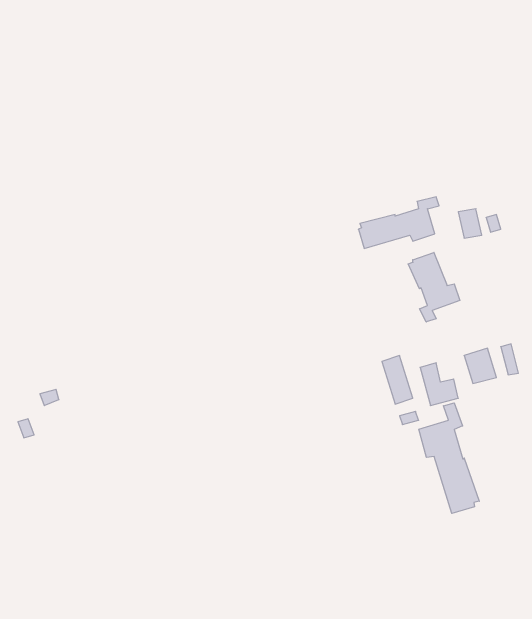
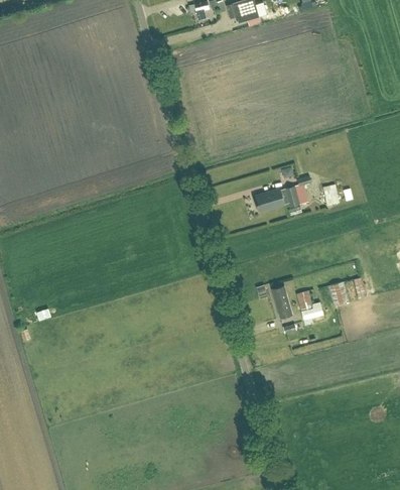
building: [408,252,460,322] -> none
building: [419,403,479,513] -> none

